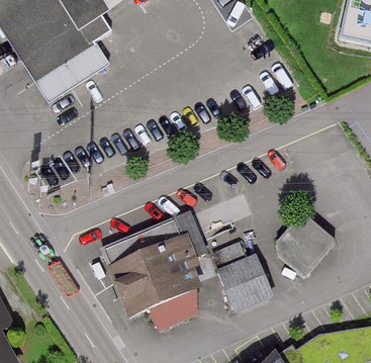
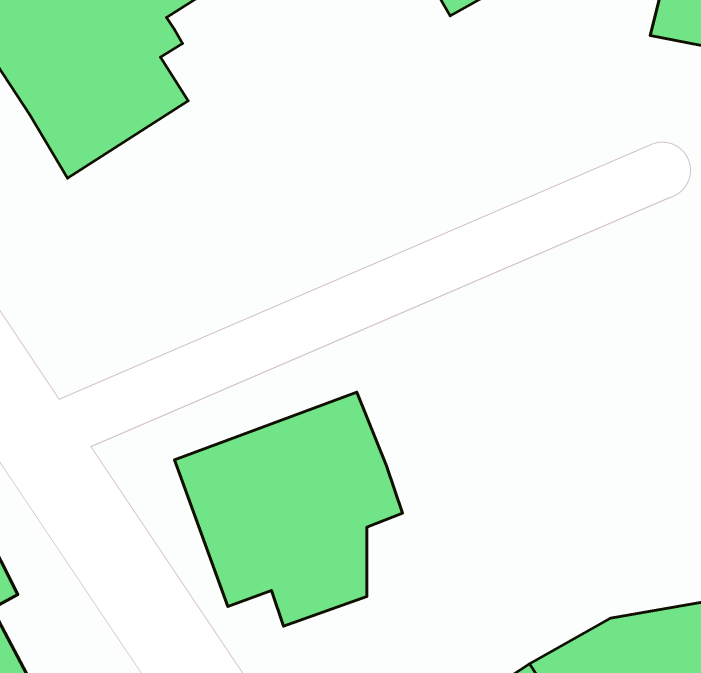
building: [281,211,341,274] -> none
building: [209,235,275,312] -> none

